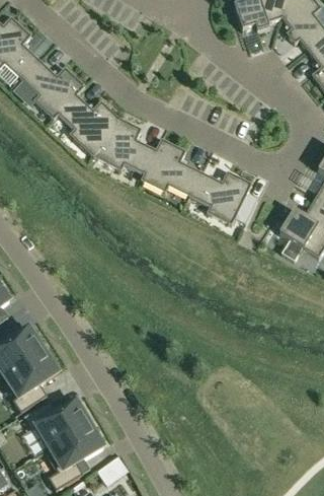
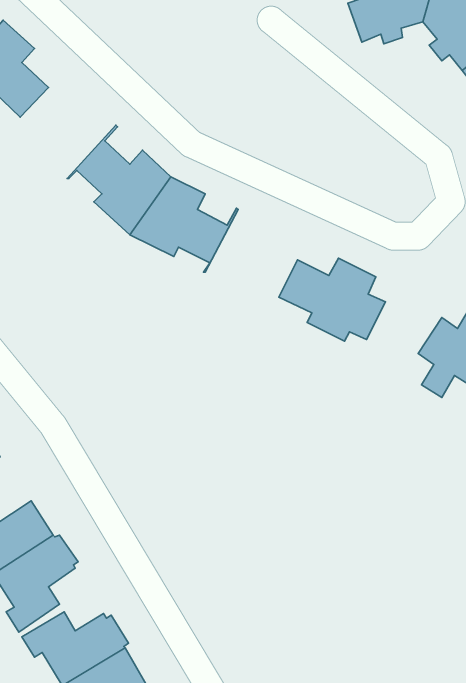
building: [21,60,83,119] -> none
building: [141,139,200,196] -> none

